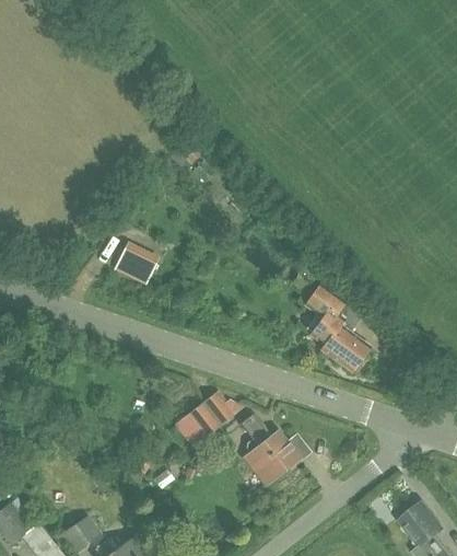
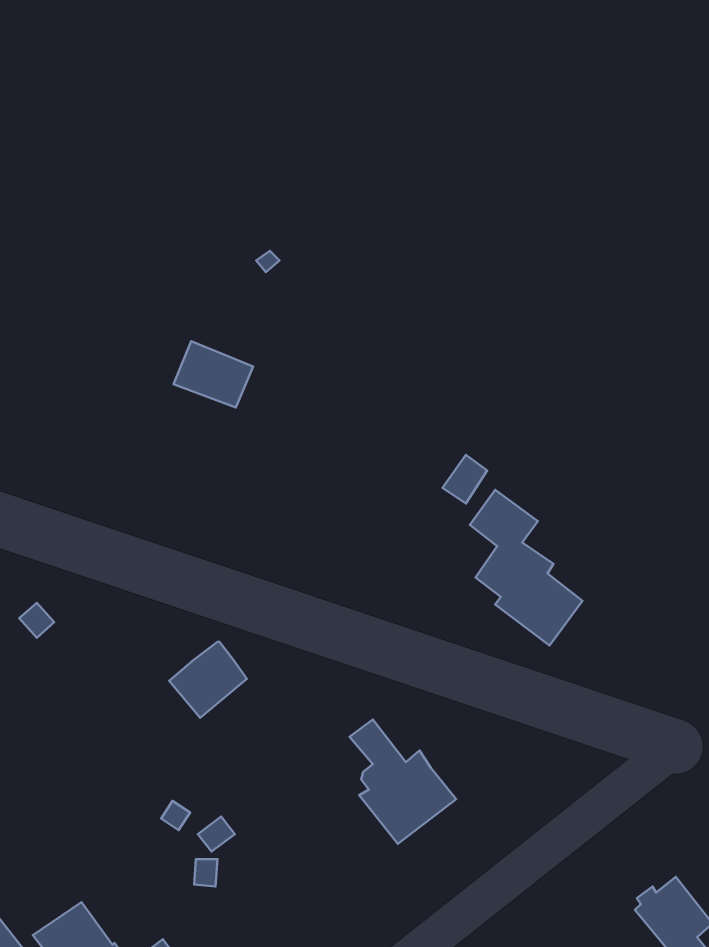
building: [117,241,162,278] -> [174,341,253,407]
building: [188,394,232,437] -> [169,642,247,718]

